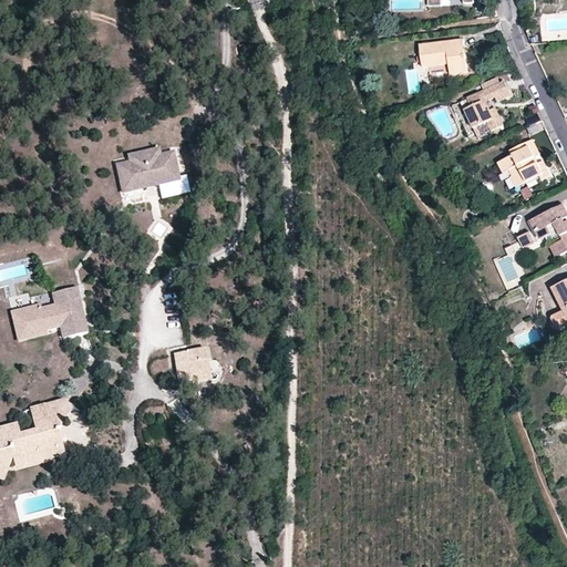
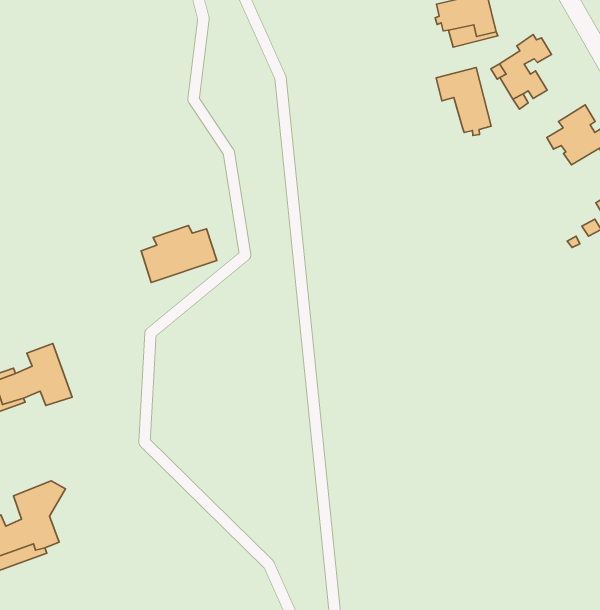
building: none -> [436,68,491,136]
building: [116,148,177,192] -> [141,225,217,282]
building: [175,347,210,382] -> none

